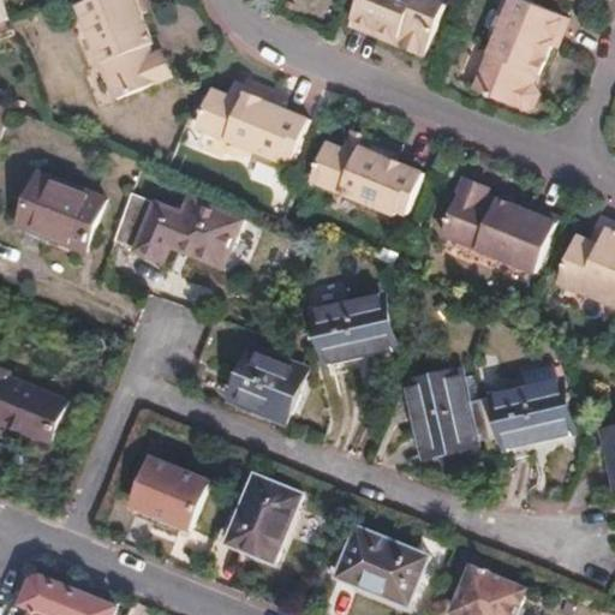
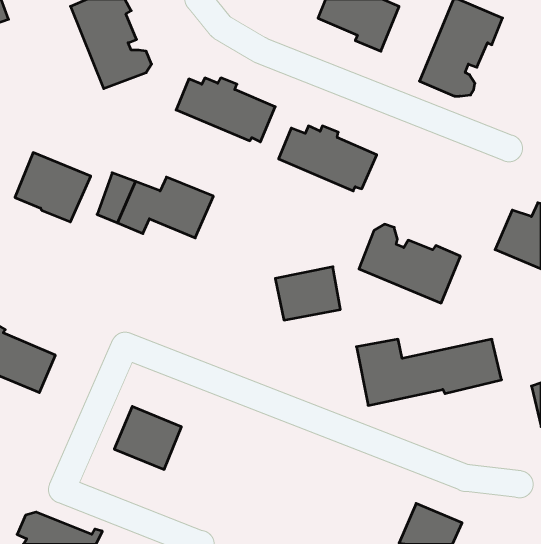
building: [443,181,557,270] -> [359,224,460,303]
building: [226,350,297,416] -> none
building: [223,474,297,561] -> none
building: [332,527,424,604] -> none

